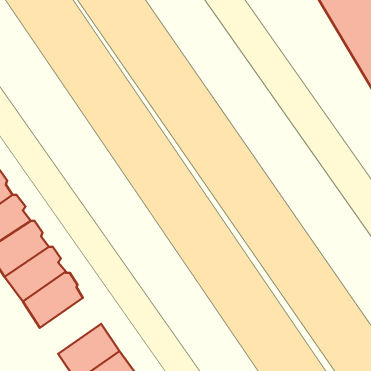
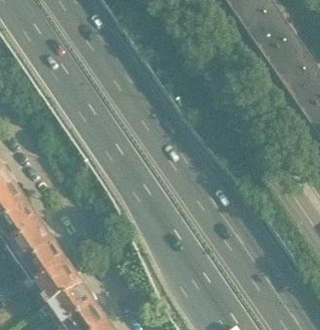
building: none -> [34,261,81,304]

